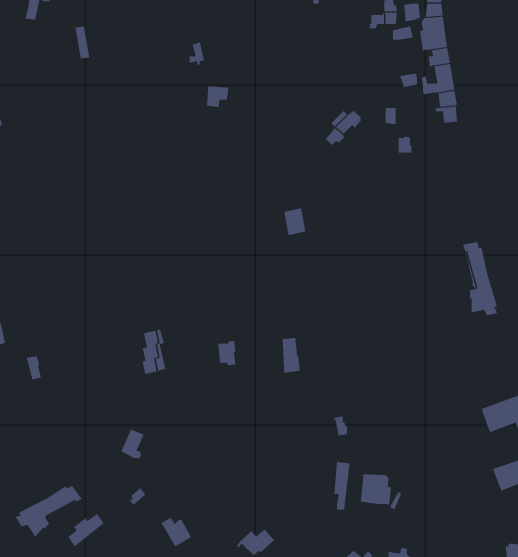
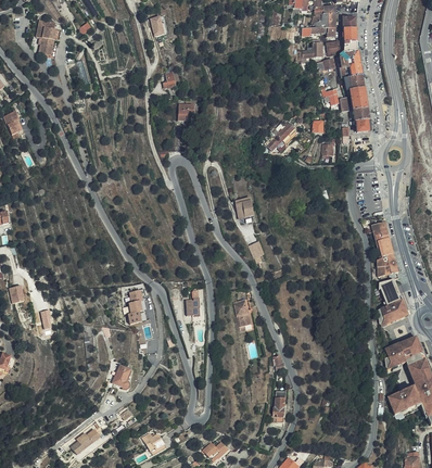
building: none -> [378,280,406,326]
building: [360,474,391,506] -> none
building: [14,485,82,537] -> none

